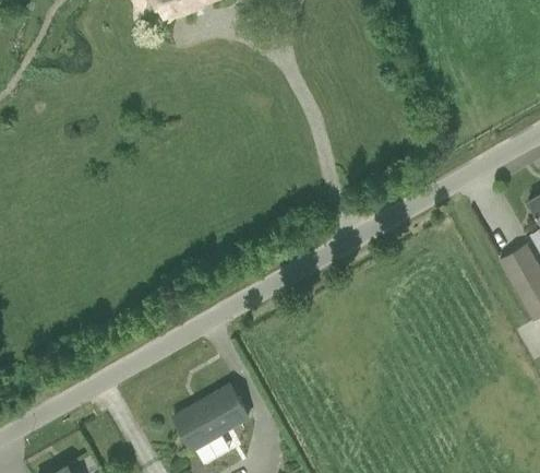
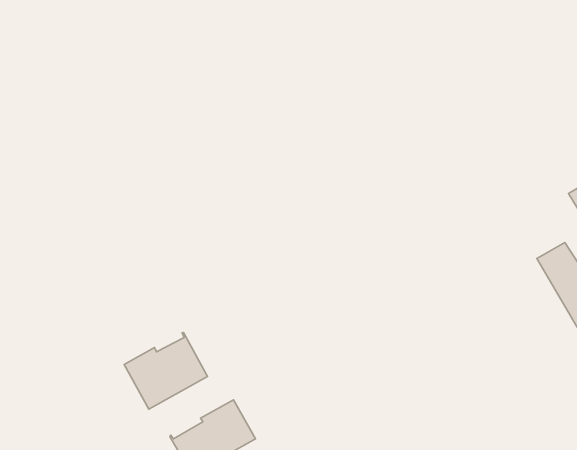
building: none -> [124,333,207,409]

